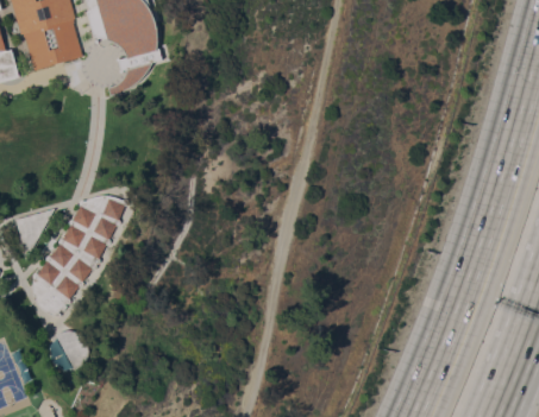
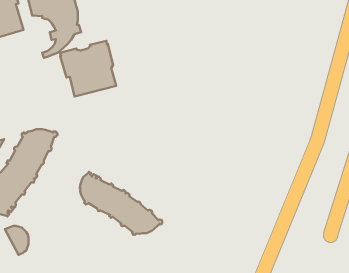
building: none -> [60,41,116,96]
building: none -> [80,172,162,235]

